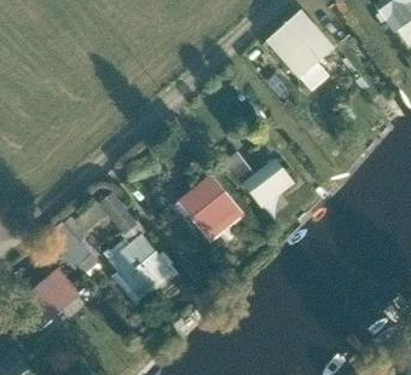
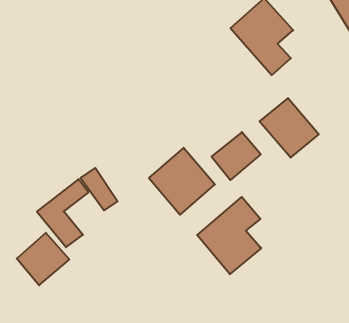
building: none -> [260,98,319,158]
building: none -> [197,197,261,274]
building: [109,230,176,296] -> none

